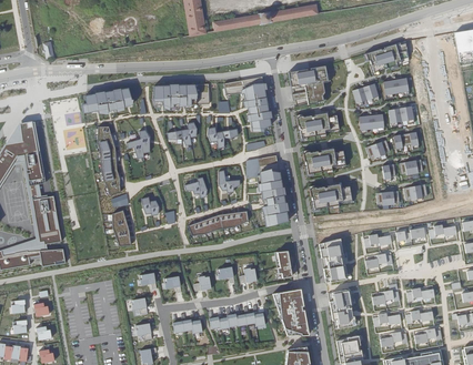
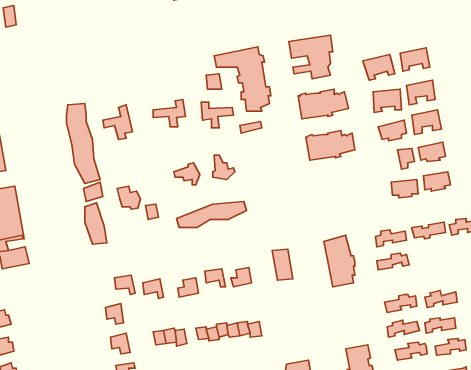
building: [366,43,409,72] -> none
building: [84,87,139,113] -> none
building: [155,88,201,105] -> none
building: [259,169,290,227] -> none
building: [310,184,352,210] -> none
building: [272,288,308,336] -> none
building: [331,290,354,328] -> none

